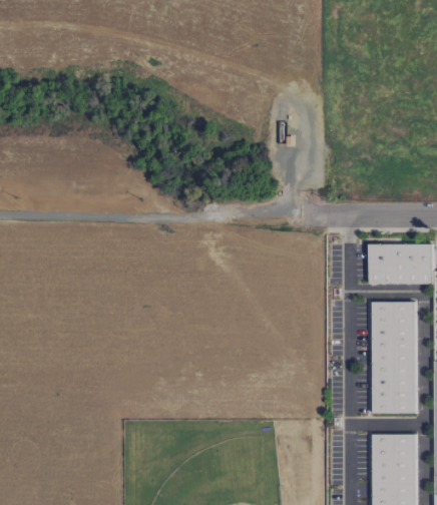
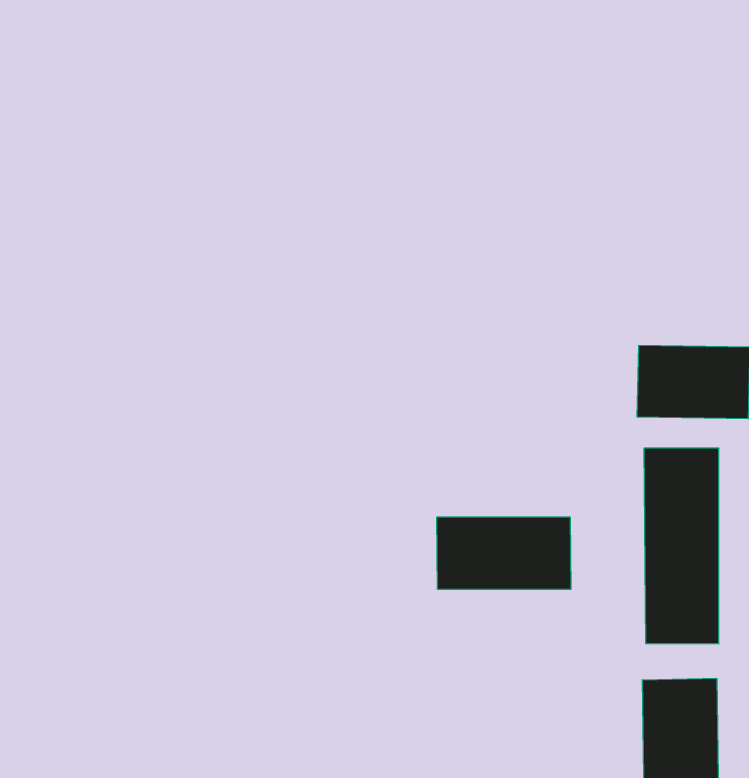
building: none -> [437,517,571,589]

